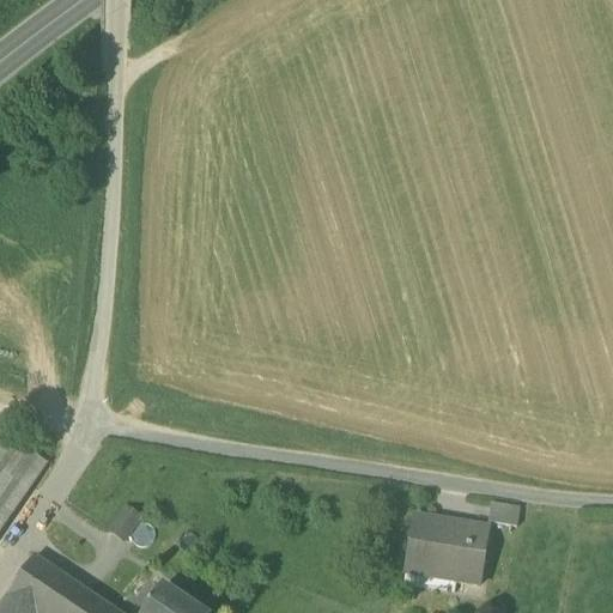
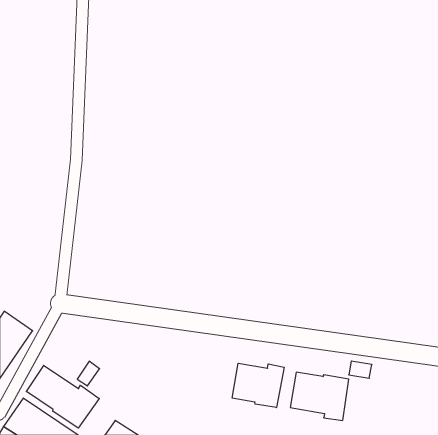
building: none -> [232,363,284,408]
building: none -> [26,365,99,428]

